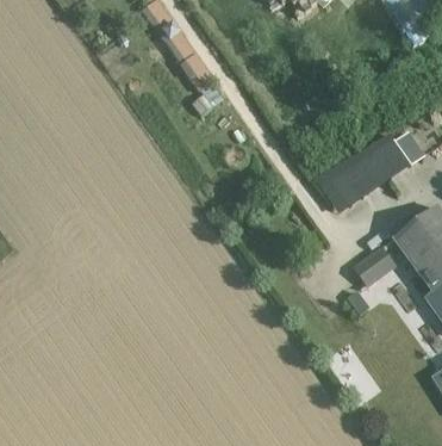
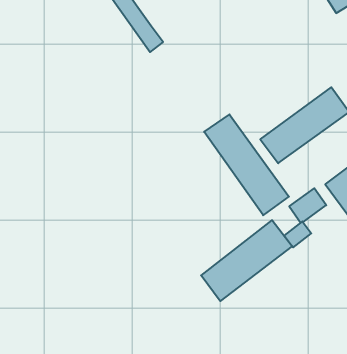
building: none -> [204,114,289,215]
building: none -> [201,220,292,301]

